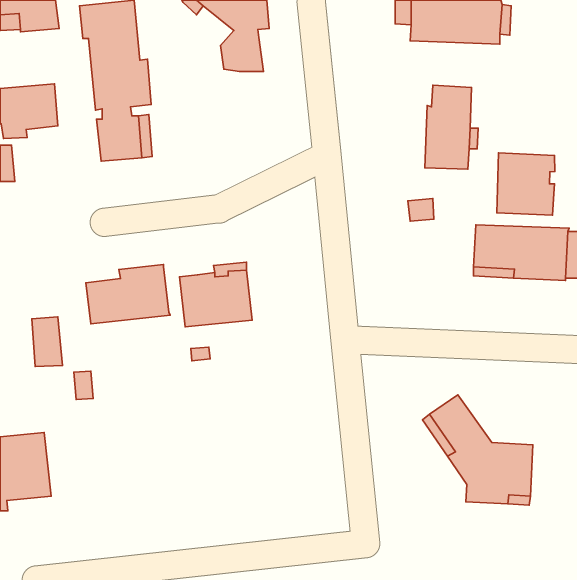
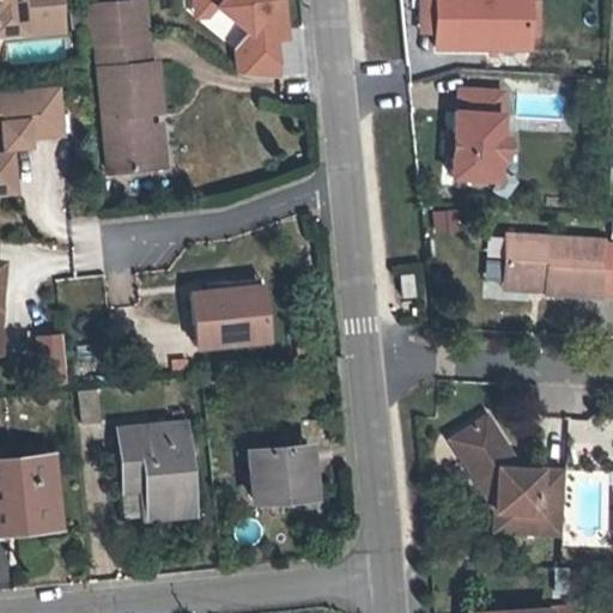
building: [497,153,555,215] -> none
building: [86,265,170,324] -> none
building: none -> [120,421,195,515]
building: none -> [251,444,316,499]

